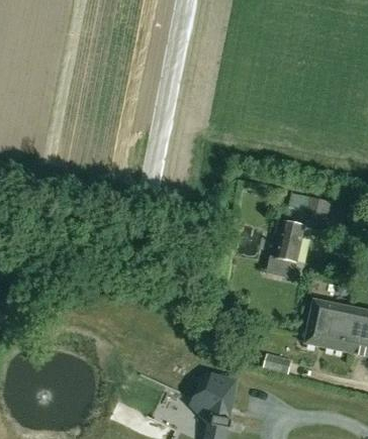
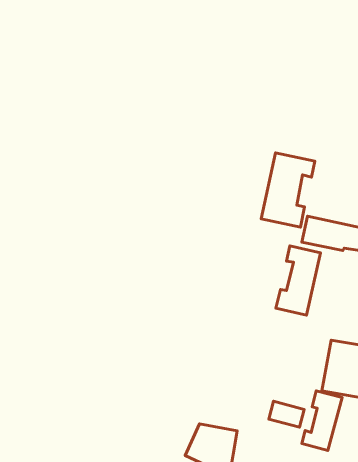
building: none -> [261,153,315,227]
building: none -> [302,391,342,450]

